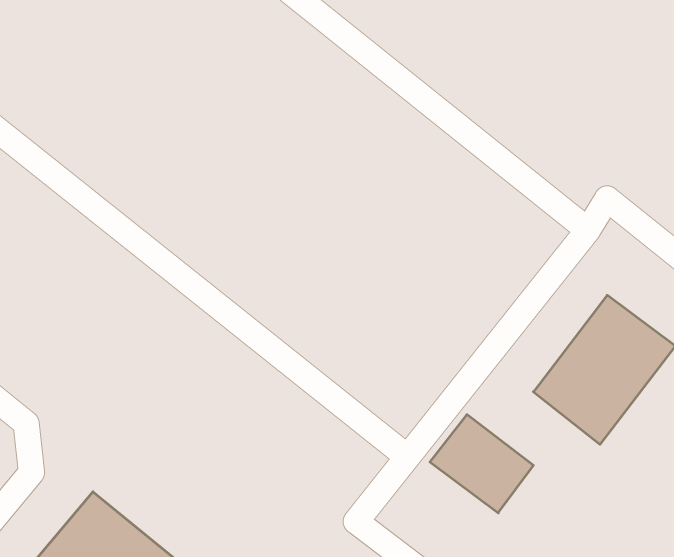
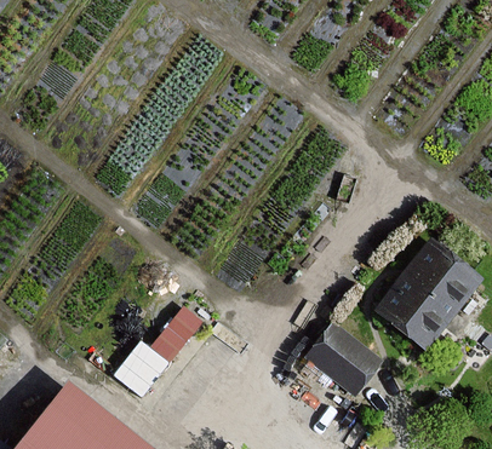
building: none -> [108,300,200,395]

